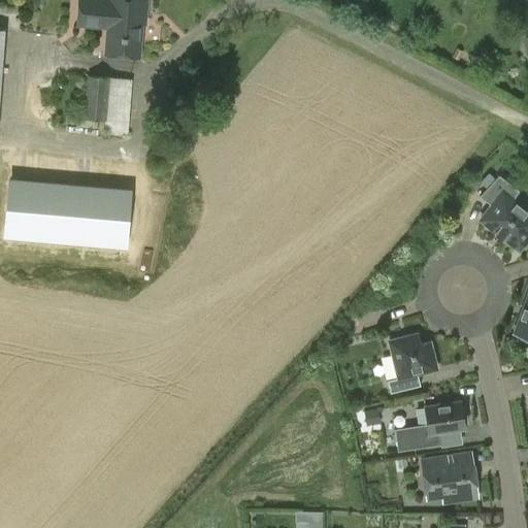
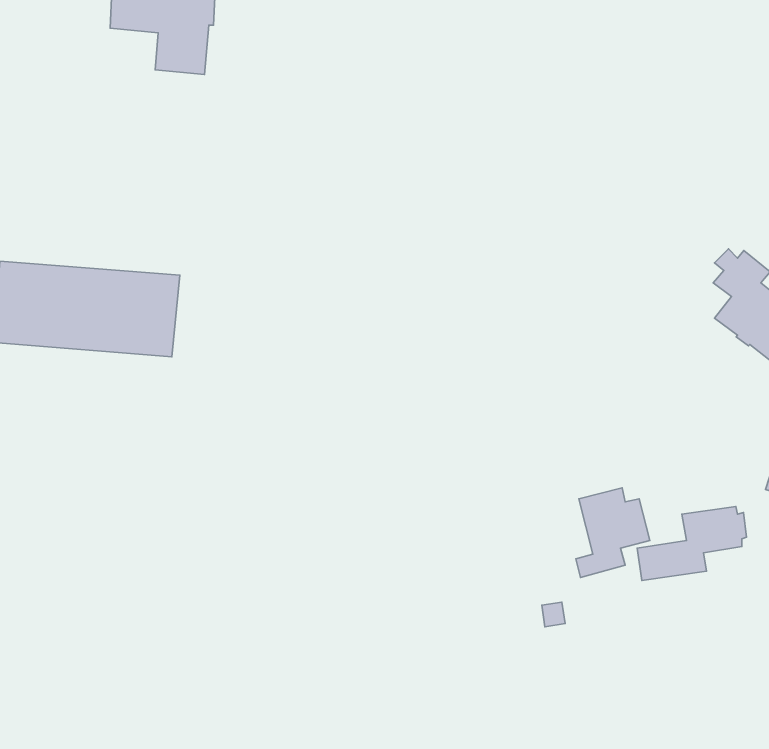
building: [84,76,133,136] -> none
building: [395,402,468,452] -> [637,506,747,580]
building: [422,453,478,501] -> none

